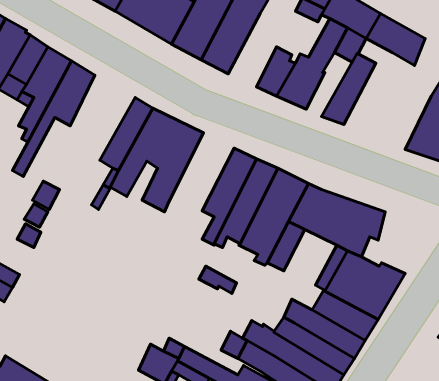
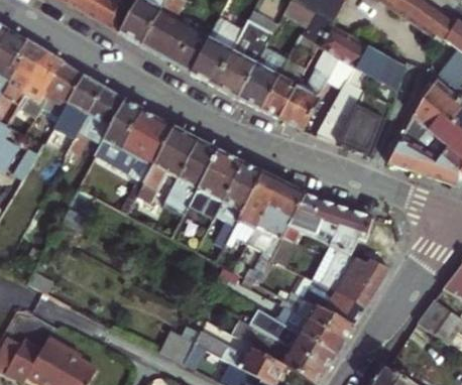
building: none -> [237,46,286,109]
building: none -> [337,89,392,156]
building: none -> [96,99,157,171]
building: none -> [187,148,242,221]

